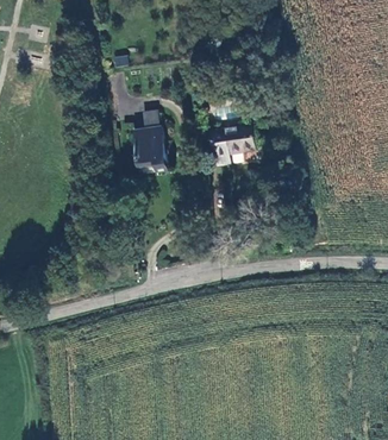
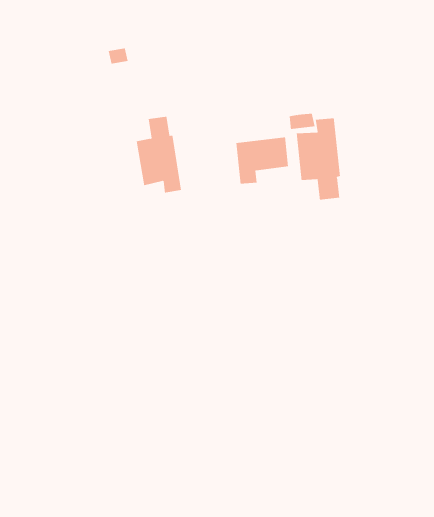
building: none -> [296,117,341,201]

